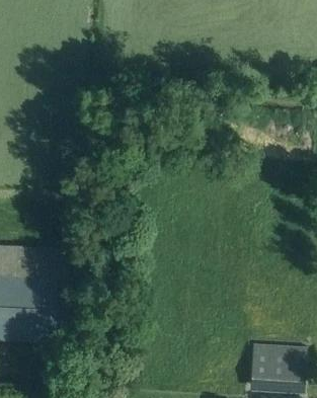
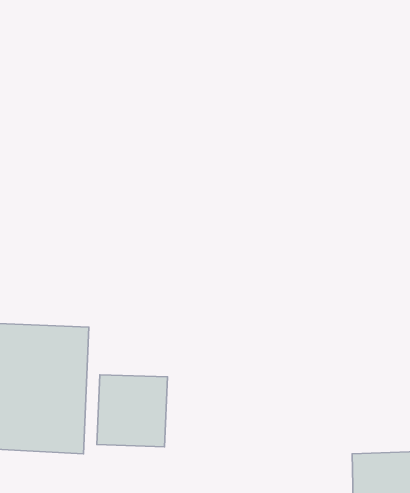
building: none -> [97,375,168,447]

